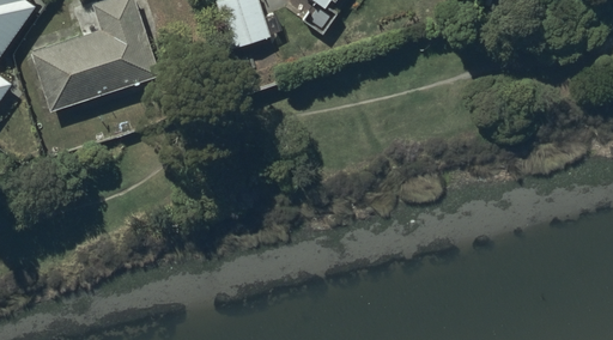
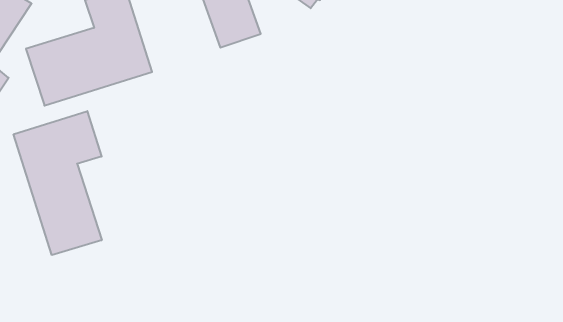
building: none -> [14,111,102,255]

